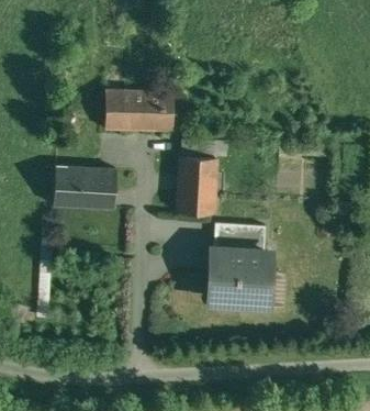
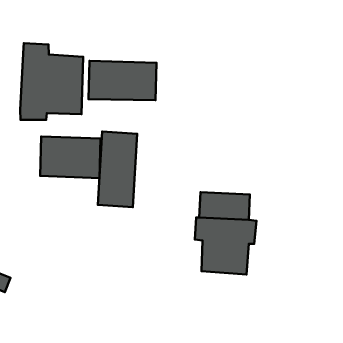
building: none -> [20,43,83,120]
building: [177,138,216,214] -> [98,131,137,207]

